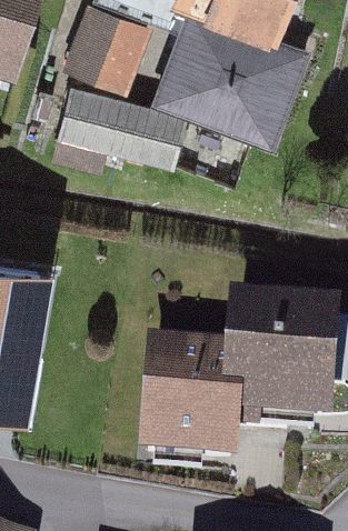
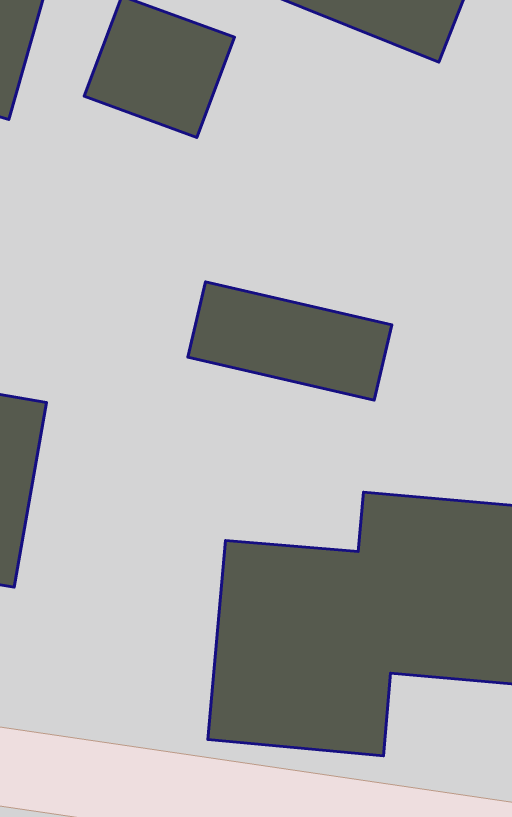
building: [146,22,297,151] -> none
building: [49,93,176,167] -> [188,282,392,400]

